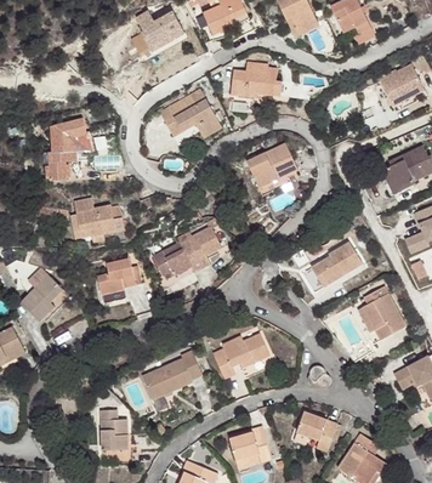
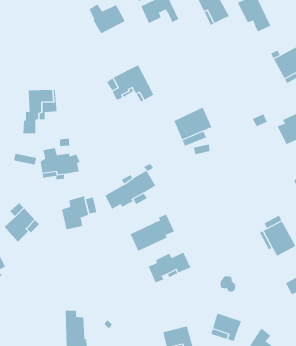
building: [228,61,280,96] -> none
building: [311,243,360,288] -> none
building: [141,350,200,399] -> [130,214,175,252]

